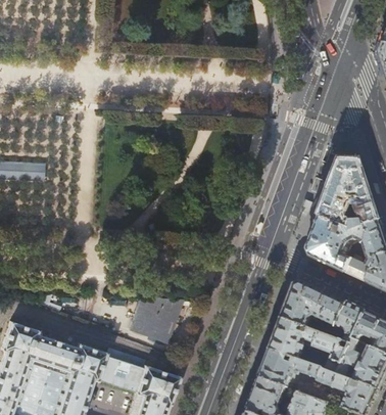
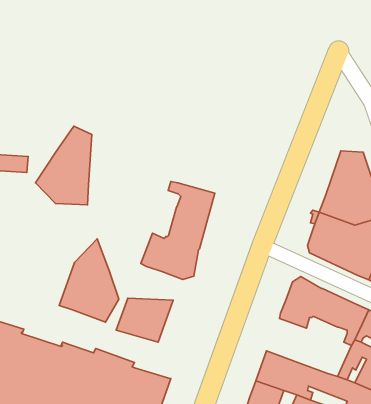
building: none -> [36,126,92,205]
building: none -> [141,181,215,280]
building: none -> [59,239,119,322]
building: [268,319,348,374] -> none

